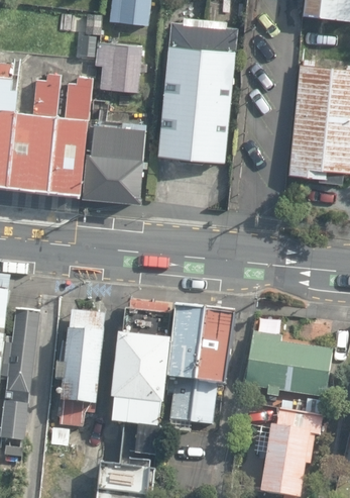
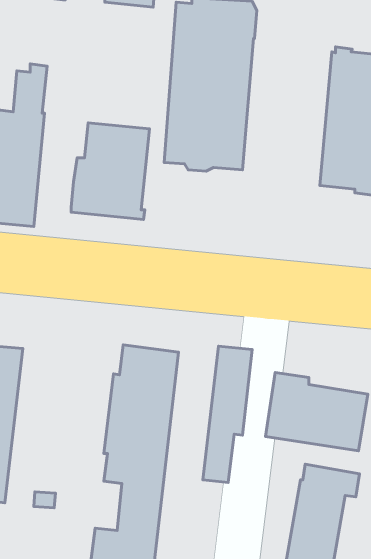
building: [95,41,141,91] -> none
building: [49,78,91,213] -> none
building: [166,306,204,429] -> none
building: [51,310,104,428] -> none

